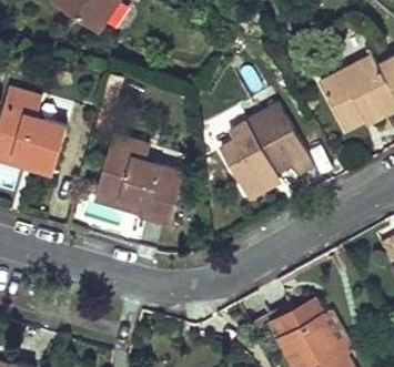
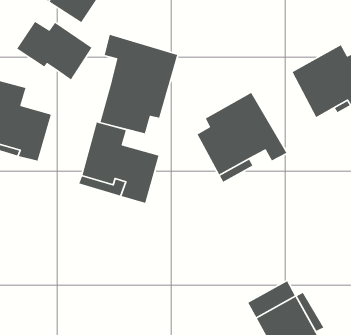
building: none -> [16,21,93,81]
building: none -> [100,34,178,134]

